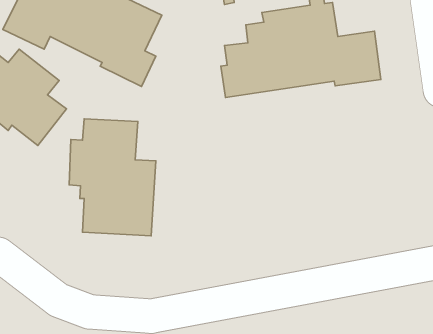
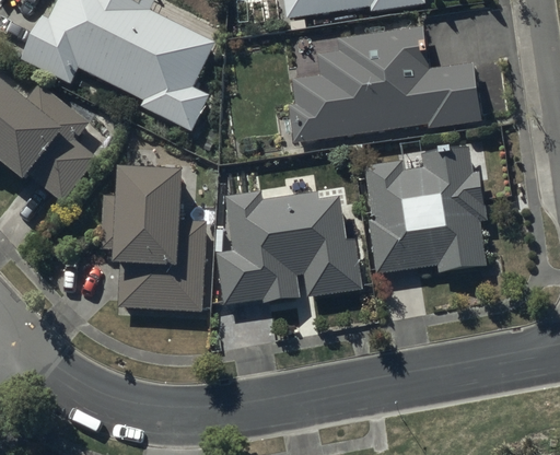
building: none -> [364,147,488,288]
building: none -> [215,190,361,303]

